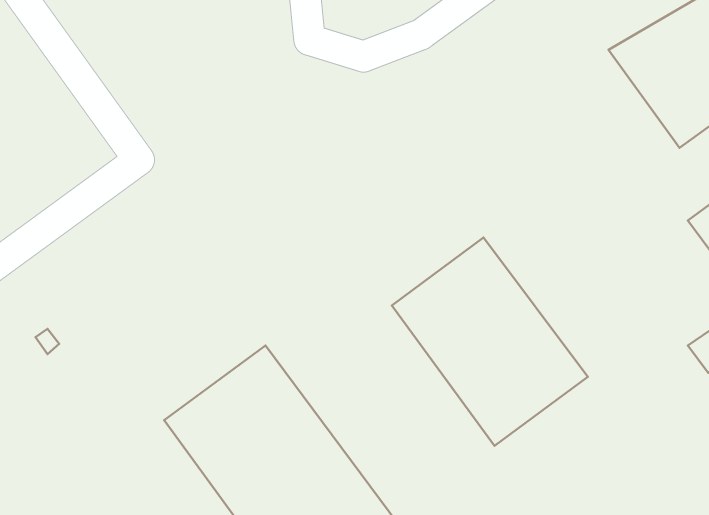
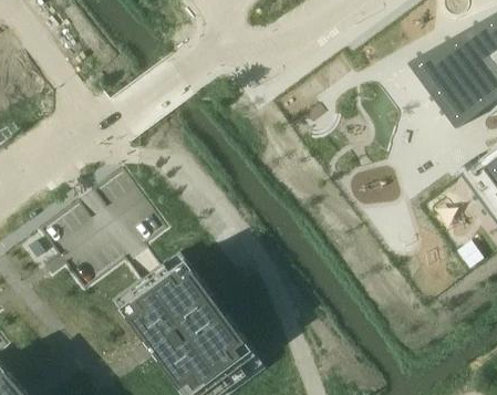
building: [392,237,588,446] -> none

